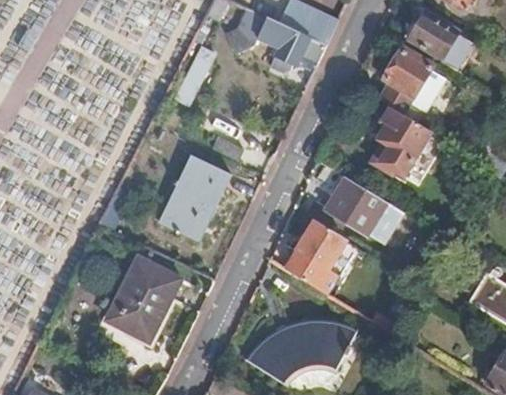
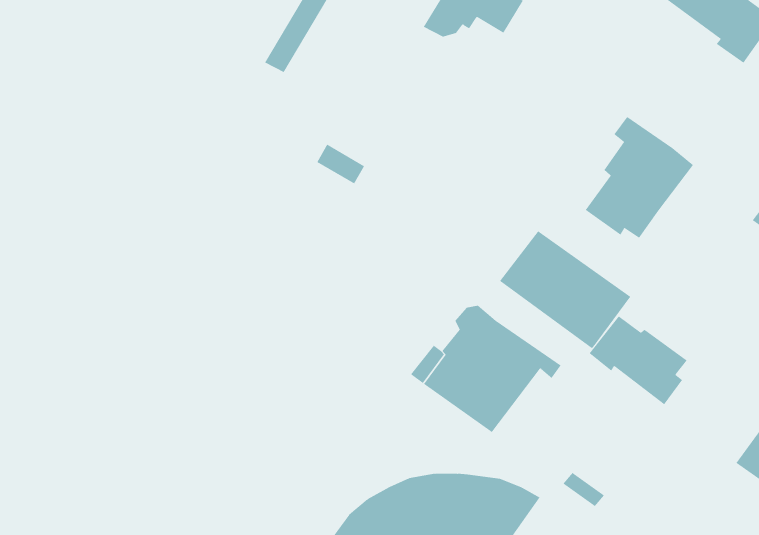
building: [378,47,445,123] -> none
building: [169,155,230,240] -> none
building: none -> [589,316,687,405]
building: [109,260,179,340] -> none

